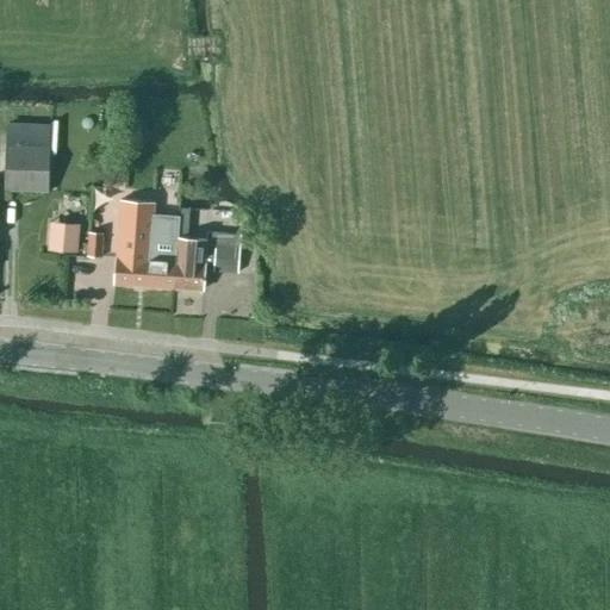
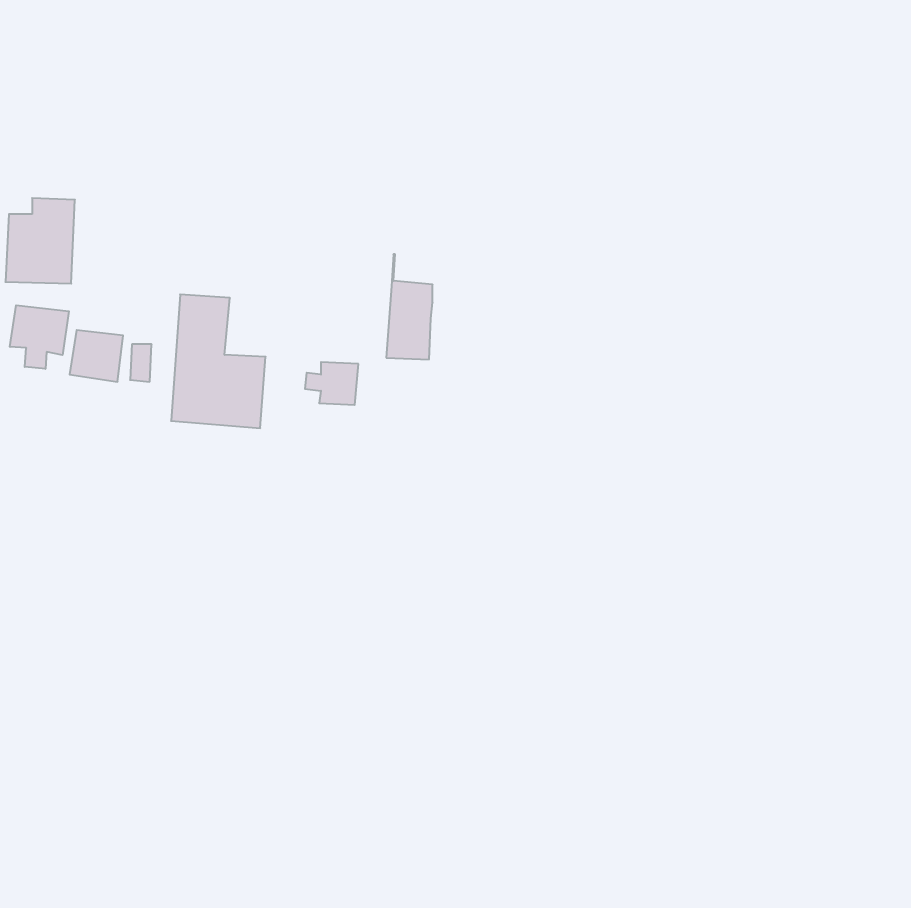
building: none -> [10,305,69,369]
building: [174,217,205,287] -> [386,254,433,359]

